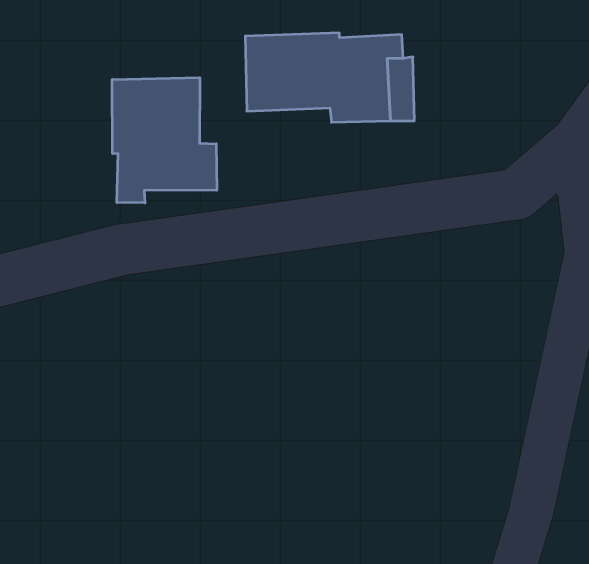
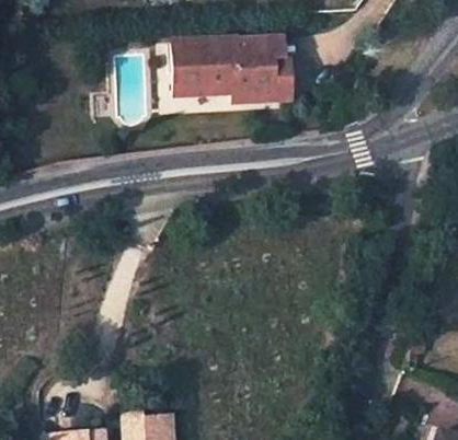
building: [112,78,217,203] -> none

